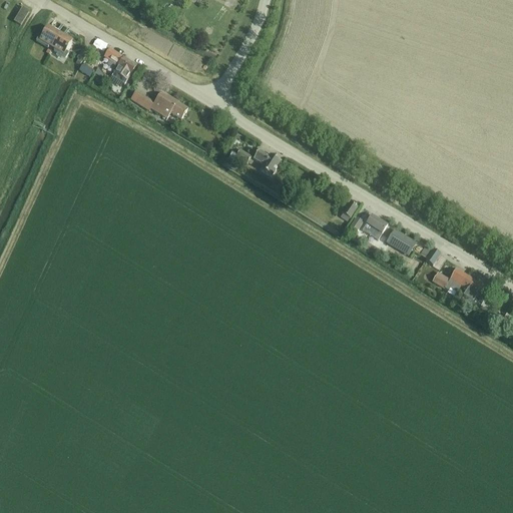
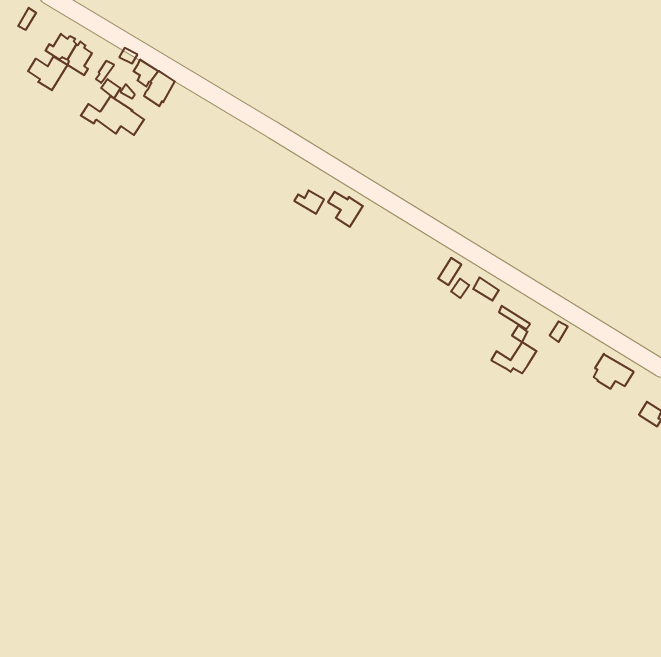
building: none -> [28,56,67,90]
building: [138,89,187,119] -> [81,96,144,135]
building: [432,267,467,291] -> [491,342,537,373]

